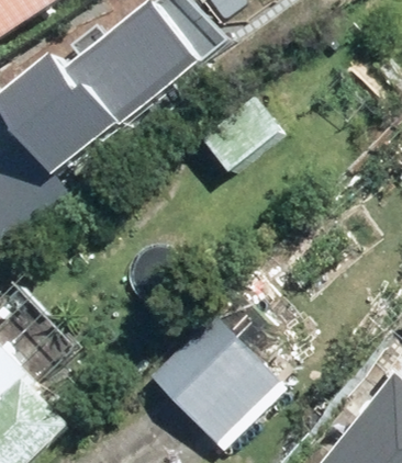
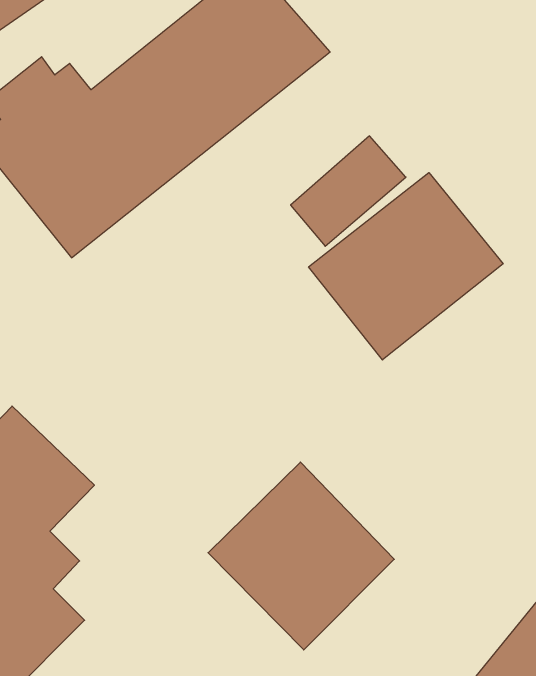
building: none -> [309,173,503,360]

